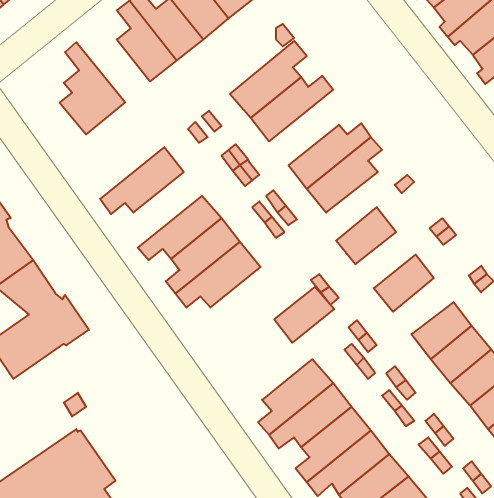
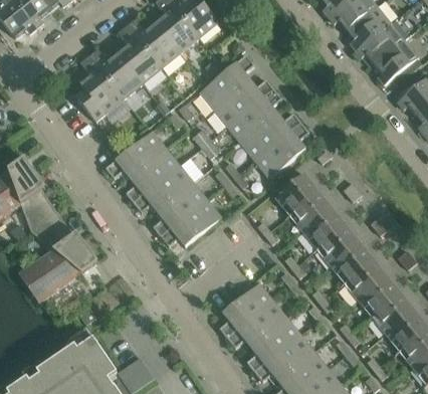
building: none -> [88,48,142,98]
building: none -> [227,89,281,144]
building: none -> [126,149,179,203]
building: none -> [316,225,360,265]
building: [274,287,334,343] -> [289,192,333,232]

